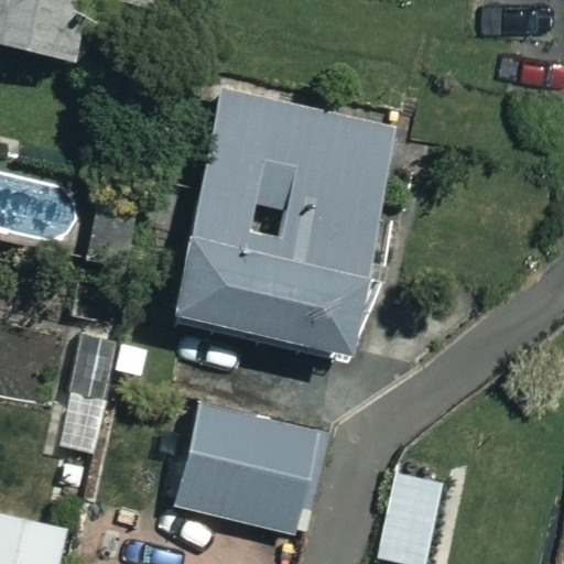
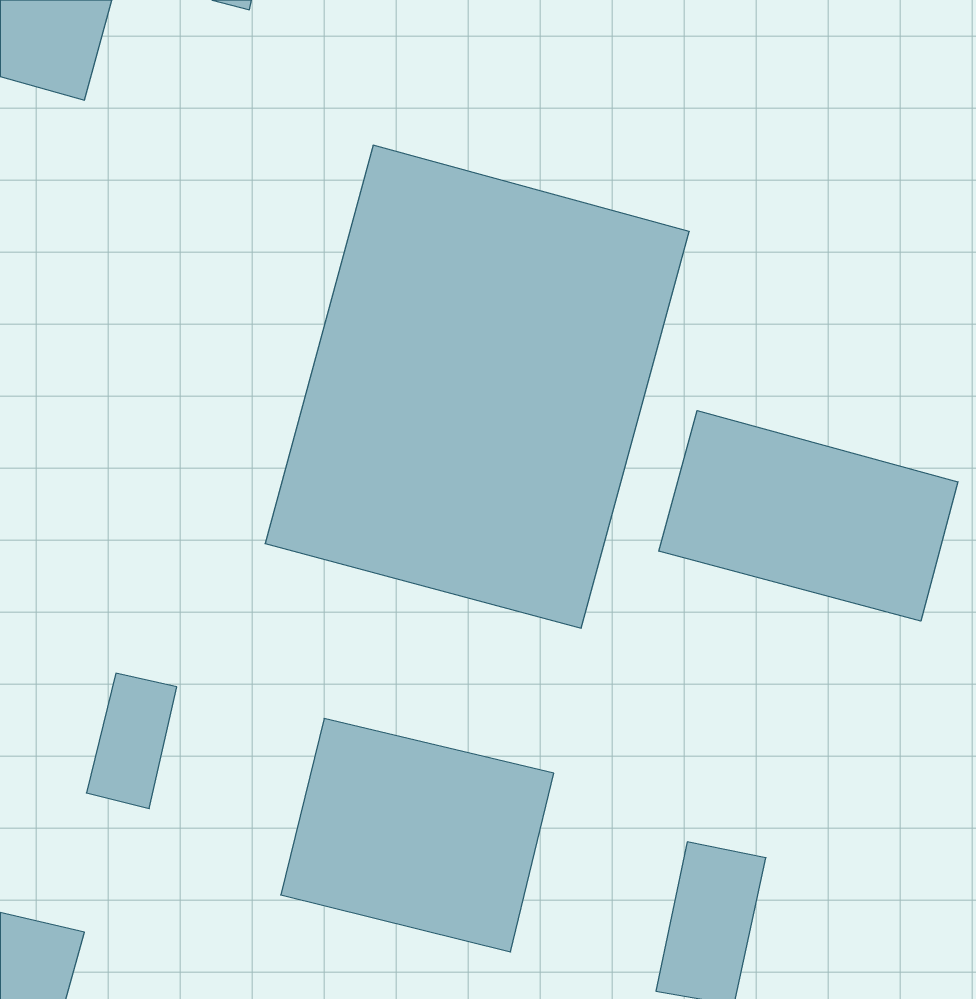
building: none -> [659,411,958,621]

